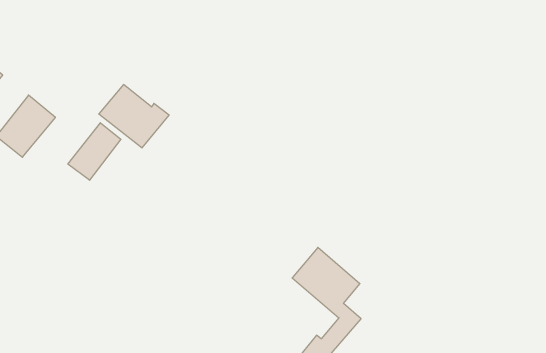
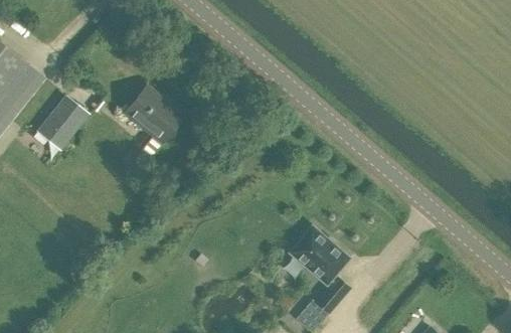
building: [68,123,121,180] -> none

